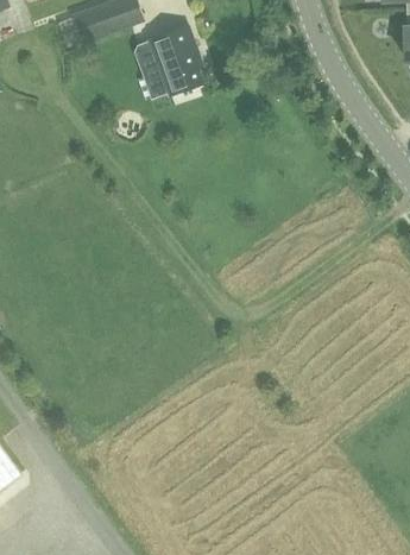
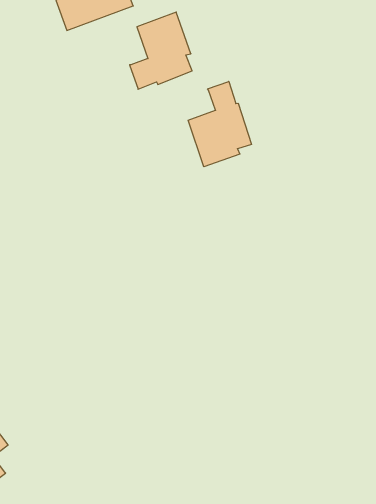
building: none -> [188,81,251,167]

